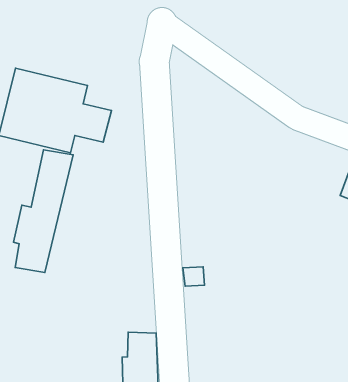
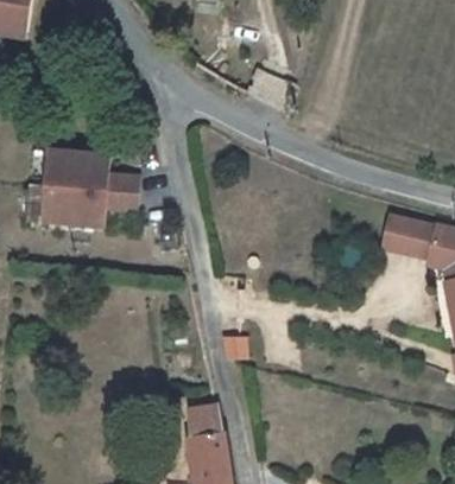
building: [13,150,73,272] -> none

